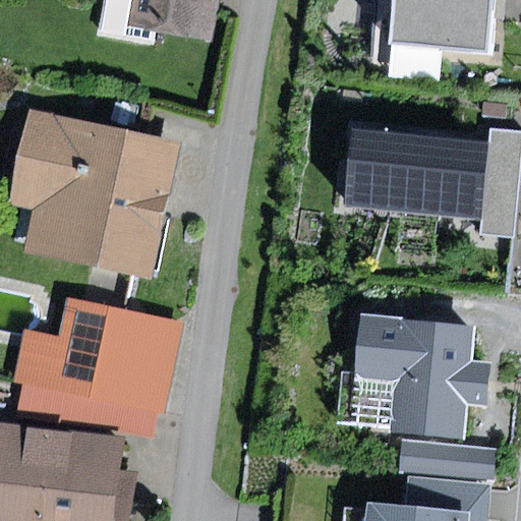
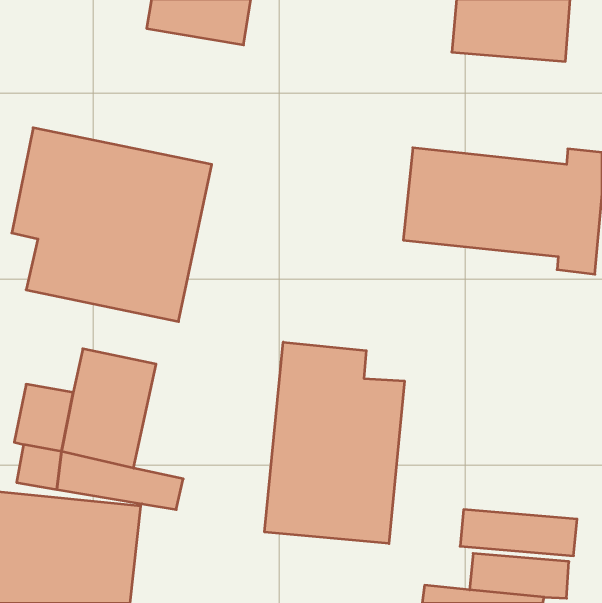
building: none -> [265,342,404,544]
building: [115,313,182,413] -> none
building: [354,315,491,441] -> none

